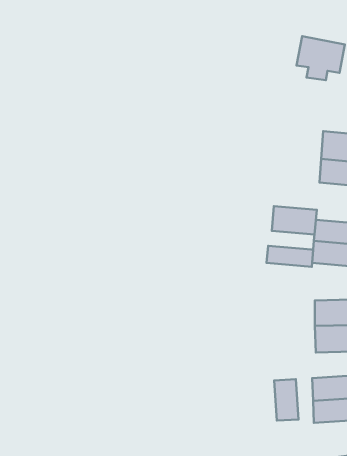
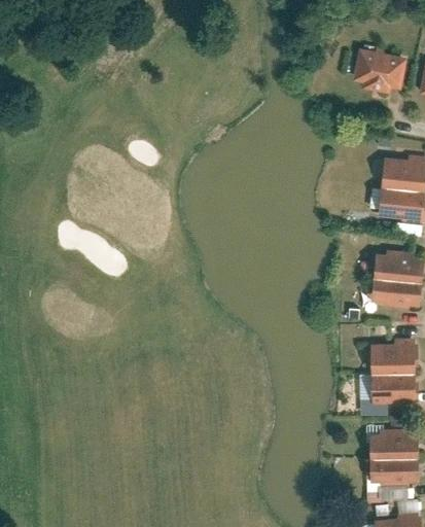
building: [272,206,317,234] -> none
building: [267,246,313,267] -> none
building: [274,379,299,421] -> none

